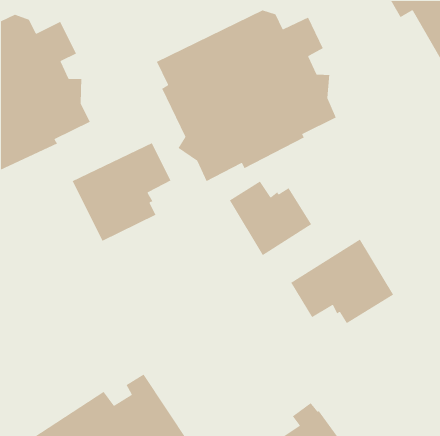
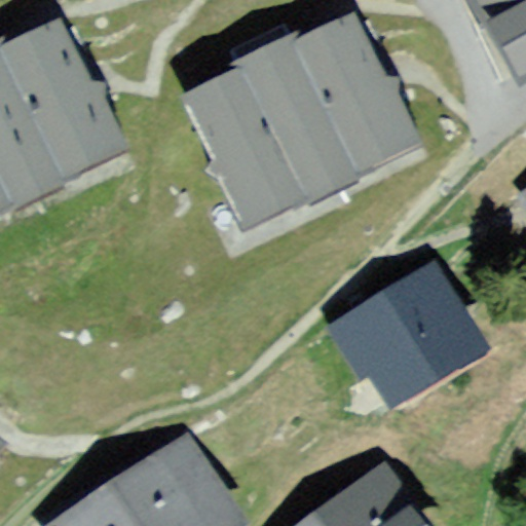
building: [72,142,171,242] -> none
building: [229,181,312,256] -> none

